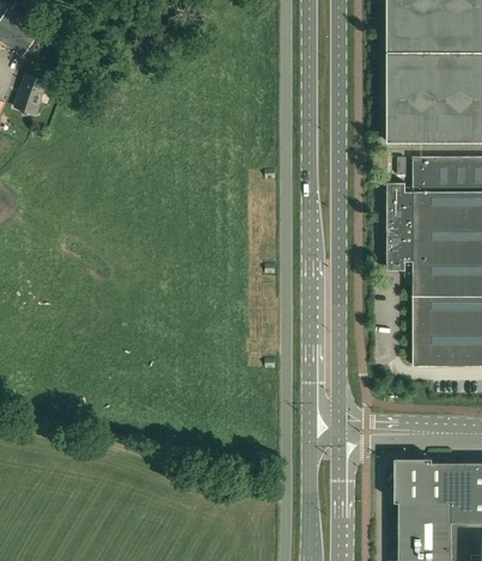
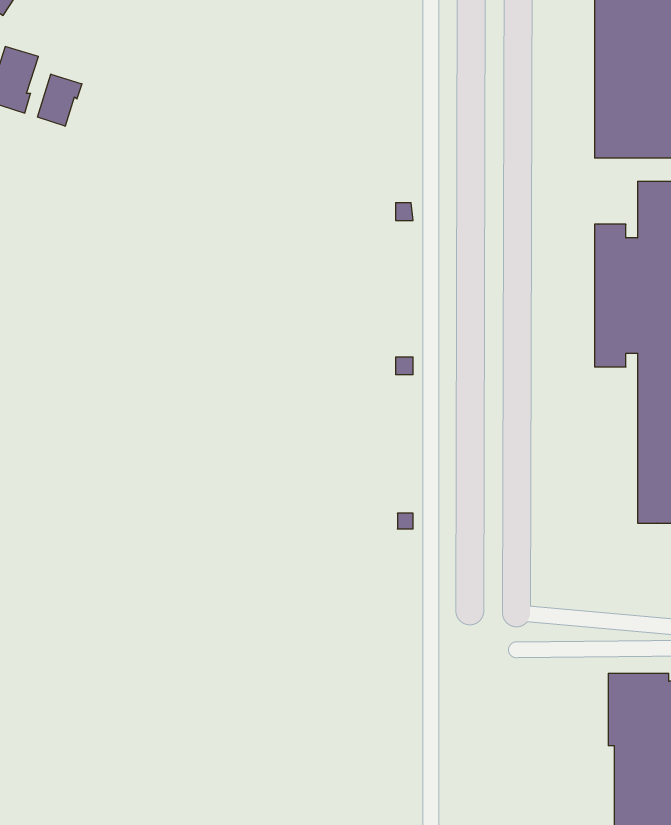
building: none -> [38,74,82,126]

